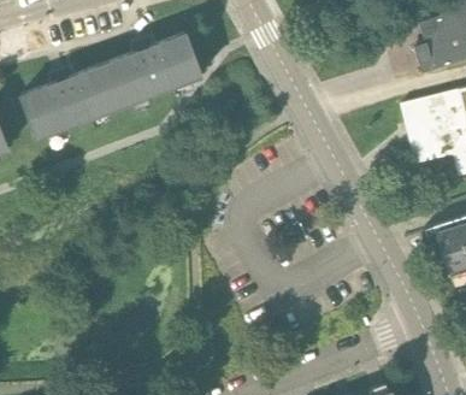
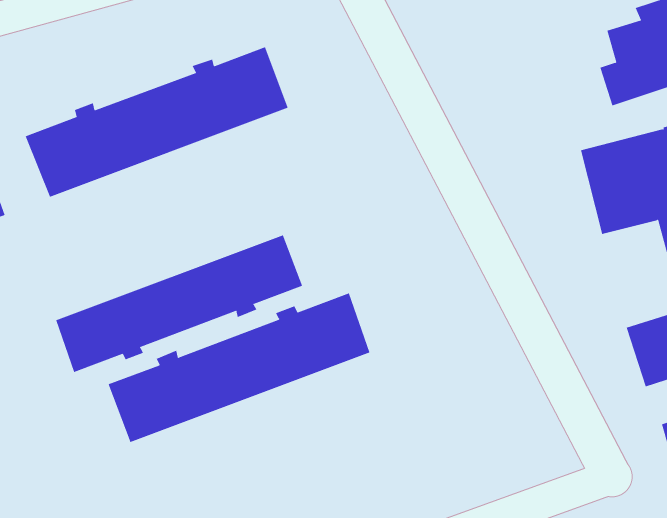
building: none -> [55,234,303,373]
building: none -> [108,293,370,443]

